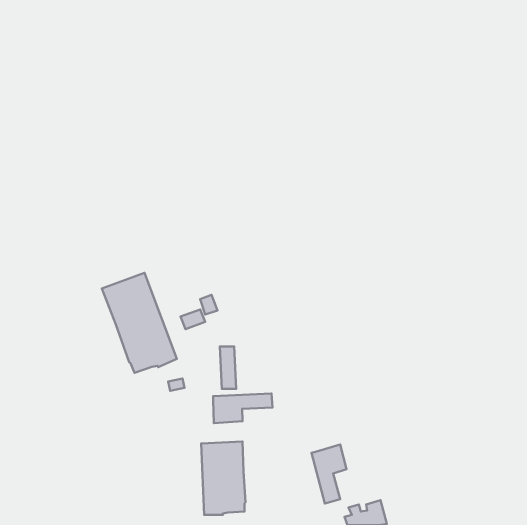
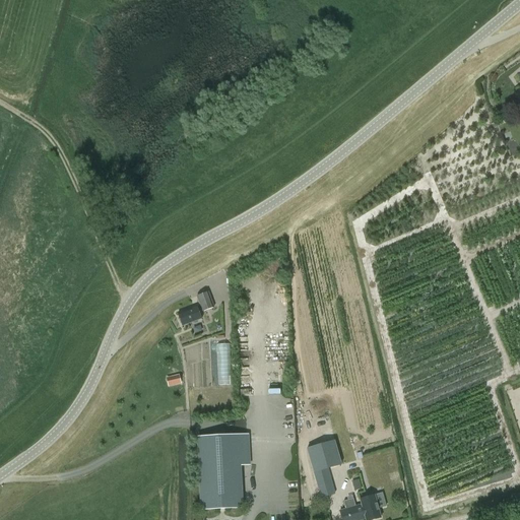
building: [102,273,177,373] -> none
building: [213,393,272,423] -> none

